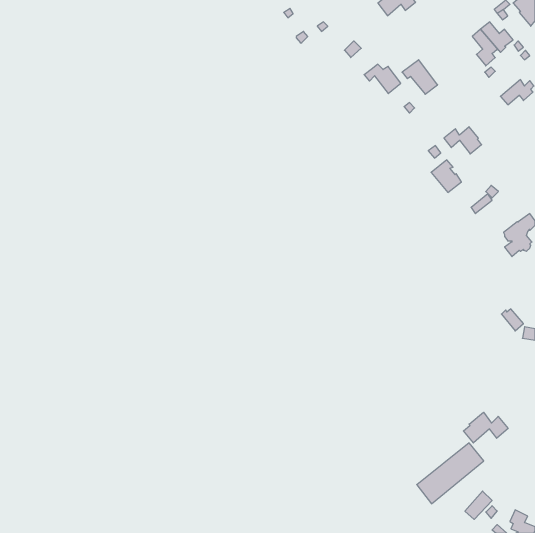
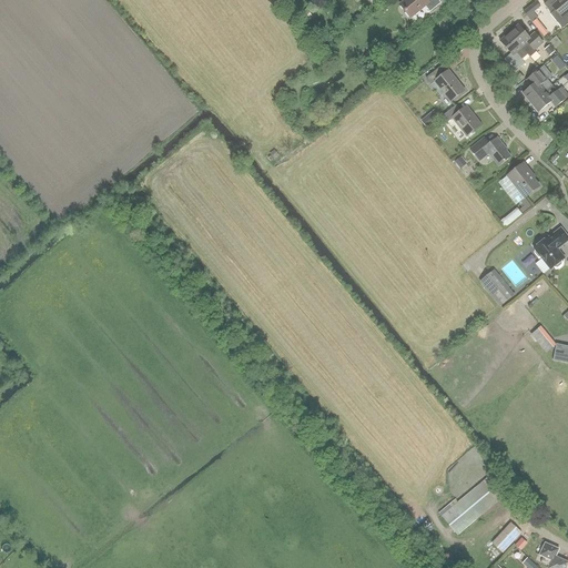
building: none -> [523,64,551,102]
building: [364,64,401,94] -> [442,104,480,135]
building: [431,160,461,192] -> [507,162,539,196]
building: none -> [480,268,514,304]
building: [463,412,508,443] -> none

